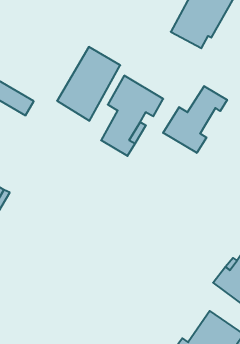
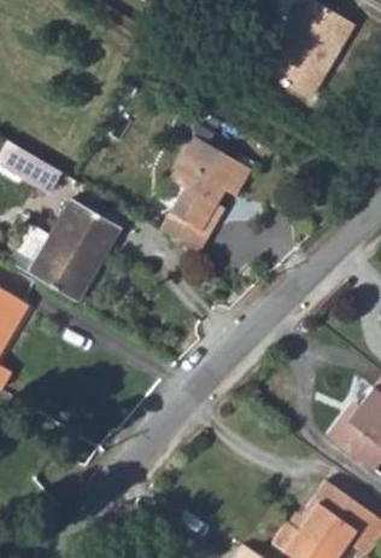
building: [57,47,120,121] -> [29,200,121,308]
building: [163,86,227,153] -> none

